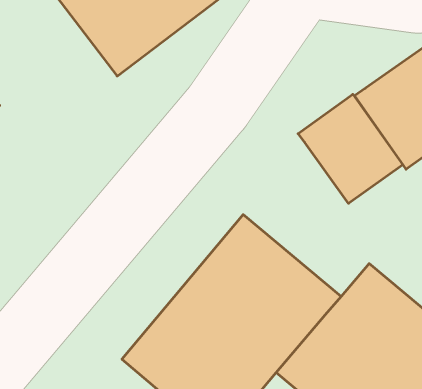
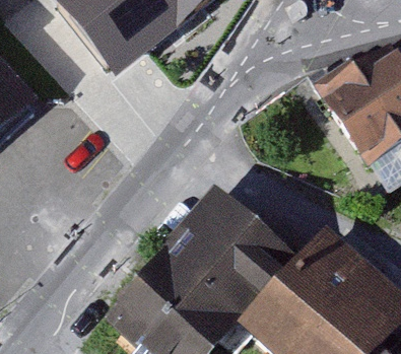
building: [298,94,403,203] -> none

